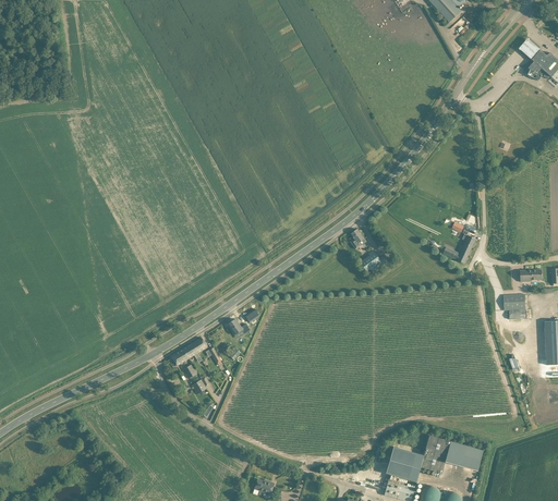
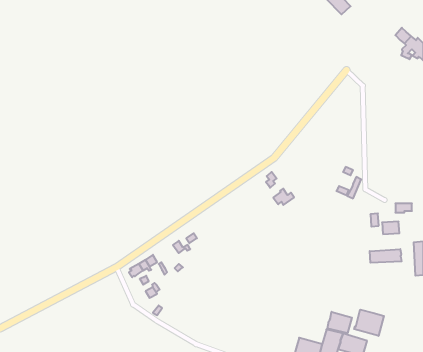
building: none -> [370,249,402,263]
building: none -> [354,310,384,336]
building: none -> [328,312,352,333]

